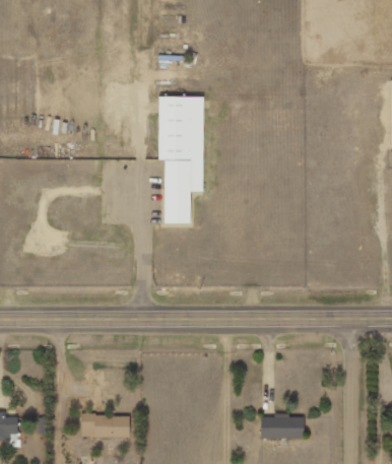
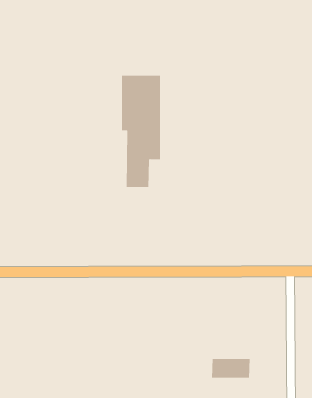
building: [80,415,130,438] -> none

